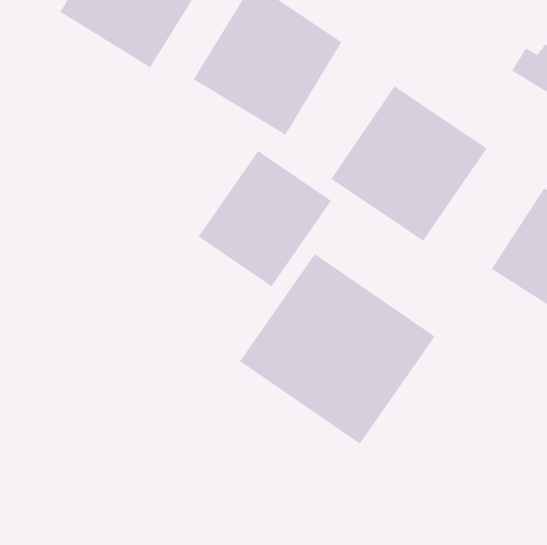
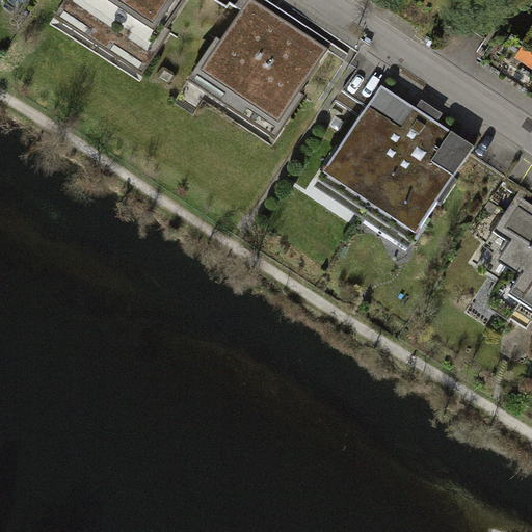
building: [198,150,332,287] -> none
building: [239,253,436,444] -> none

